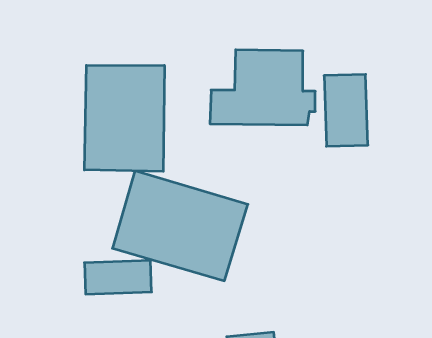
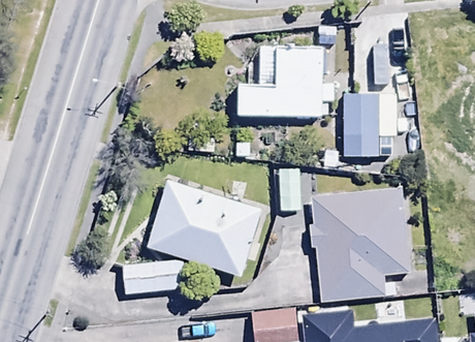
building: [84,65,164,171] -> none
building: none -> [309,193,411,305]

